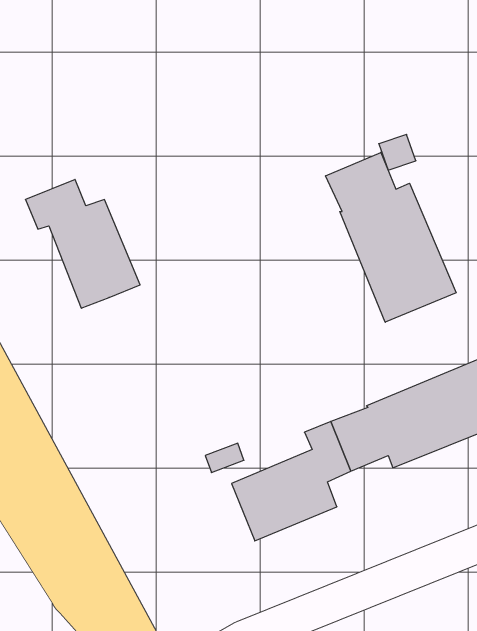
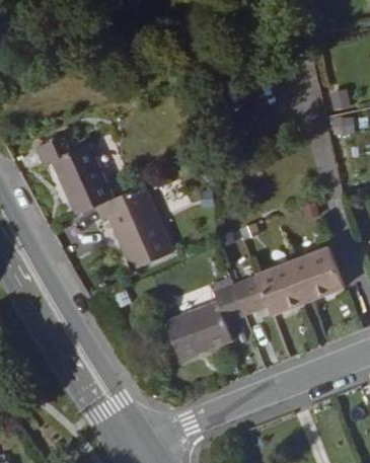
building: [326,152,456,322] -> none
building: none -> [95,182,170,266]

